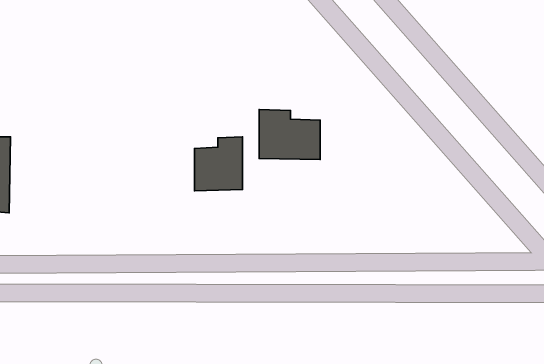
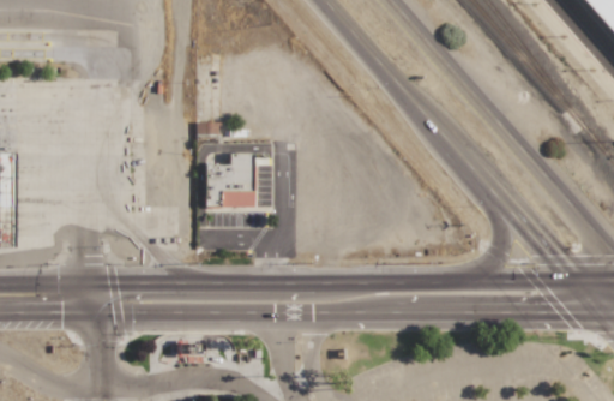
building: [259,109,320,160] -> none

